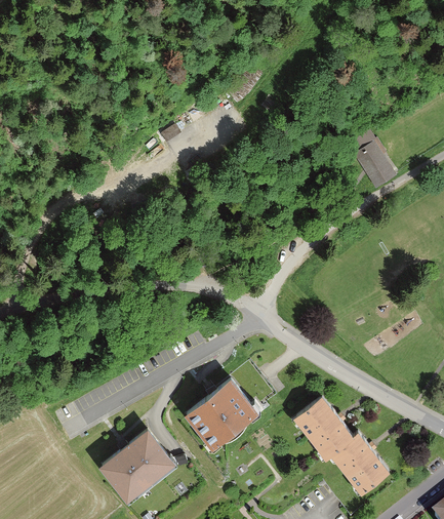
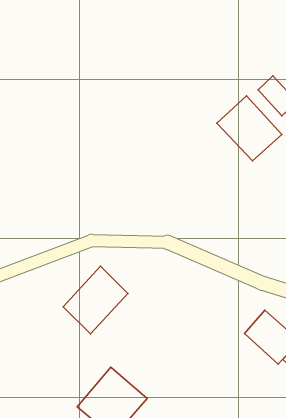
building: none -> [217,96,282,161]
building: [184,375,256,447] -> [63,266,128,334]

